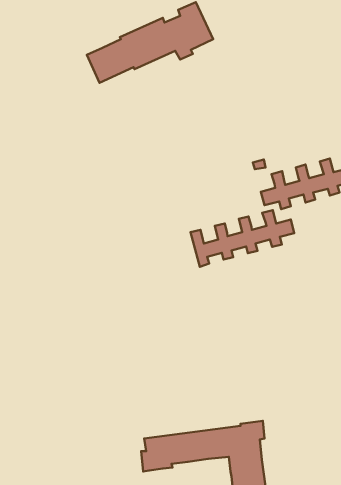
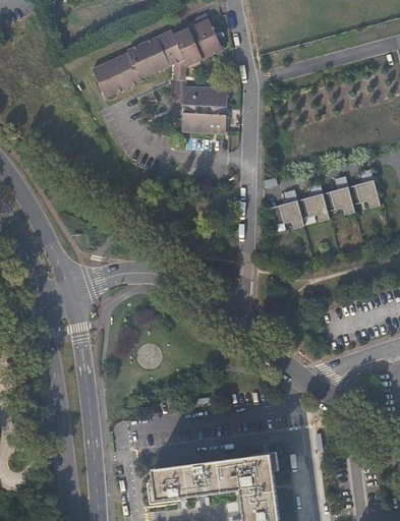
building: none -> [177,86,226,135]
building: [191,210,294,267] -> none

